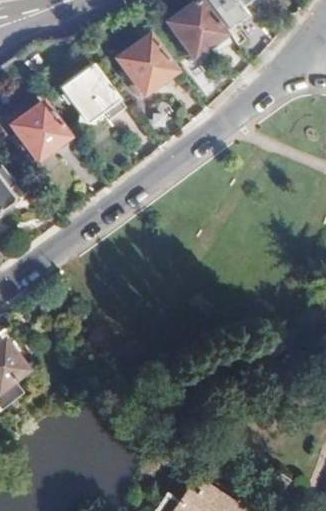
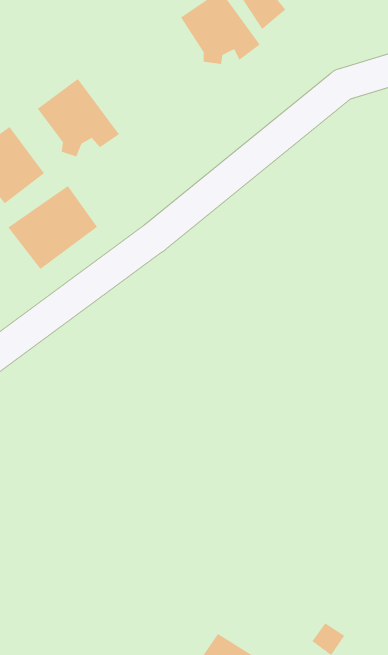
building: [118,36,174,92] -> none
building: none -> [7,185,98,270]

